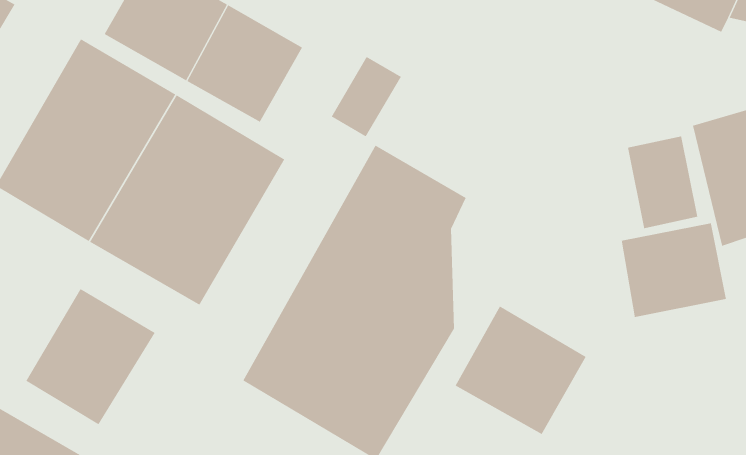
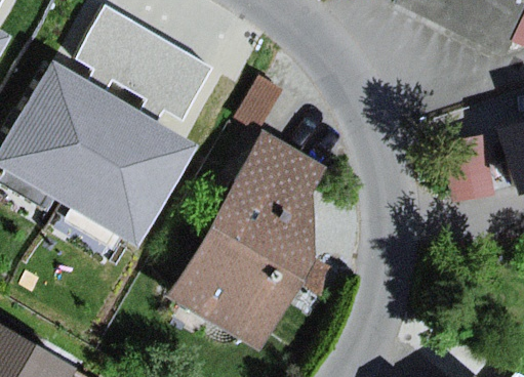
building: [621,222,727,318] -> none
building: [26,288,156,425] -> none
building: [455,305,587,435] -> none

